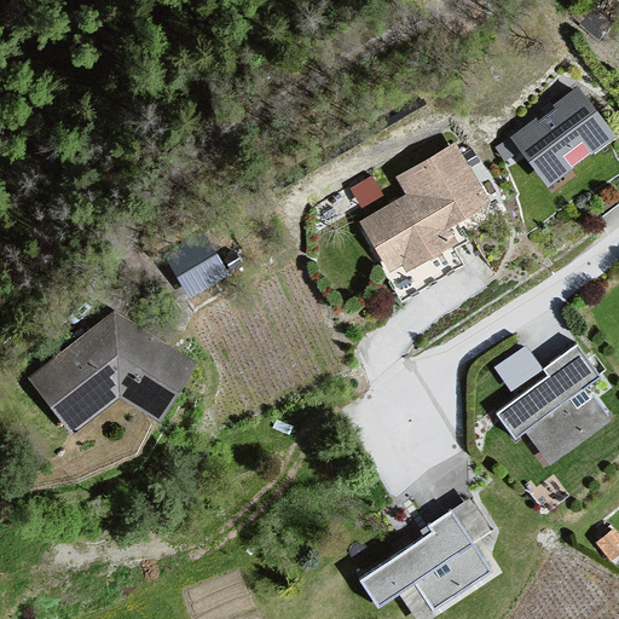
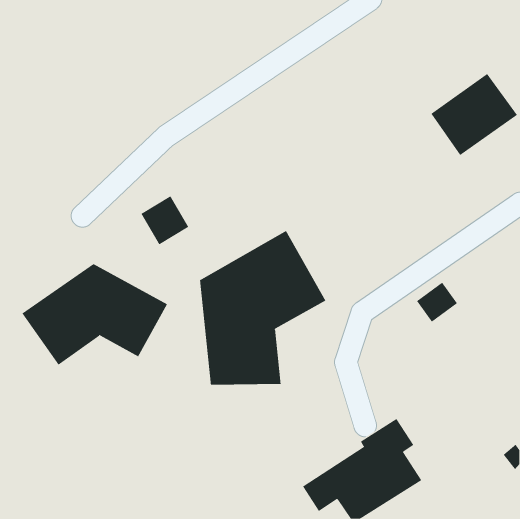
building: [358,141,490,301] -> none
building: none -> [200,230,326,386]
building: [496,341,609,461] -> none

